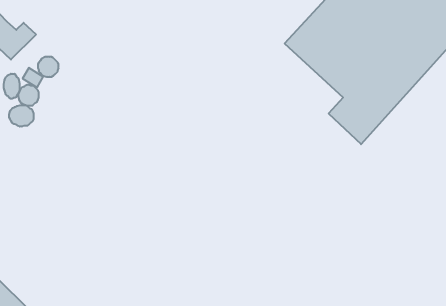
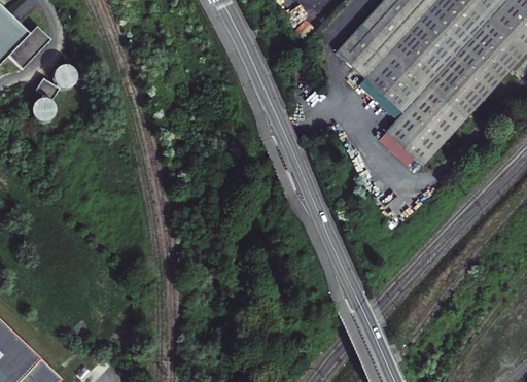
building: [4,74,20,99] -> none
building: [9,105,34,127] -> none

